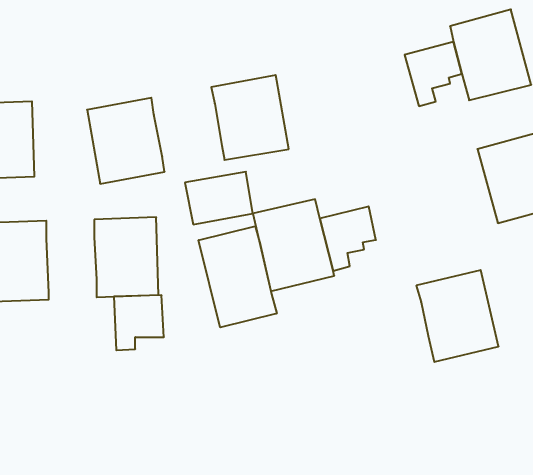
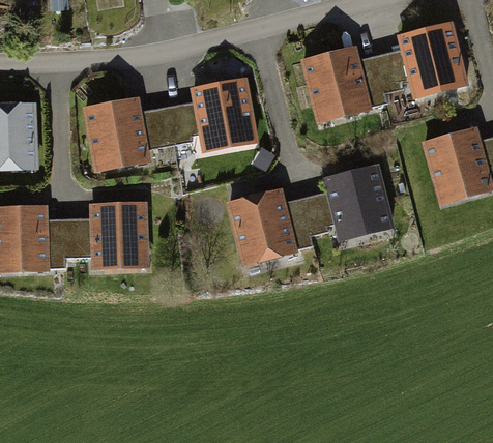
building: none -> [302,47,372,123]
building: [185,172,253,224] -> [141,102,200,148]
building: [199,226,277,327] -> none
building: [416,270,499,362] -> [323,164,395,243]
building: [114,295,164,350] -> [48,218,91,266]

